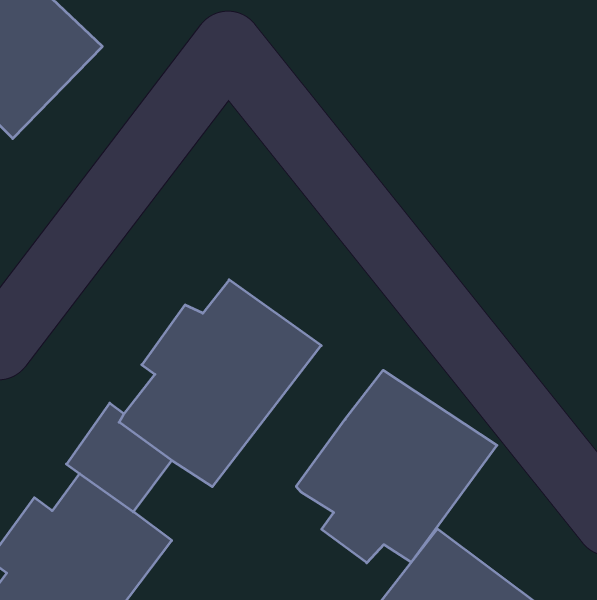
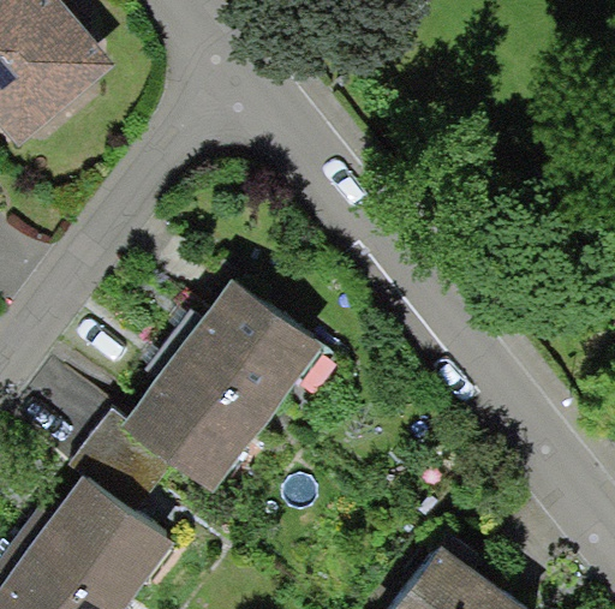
building: [296,370,497,563] -> none

